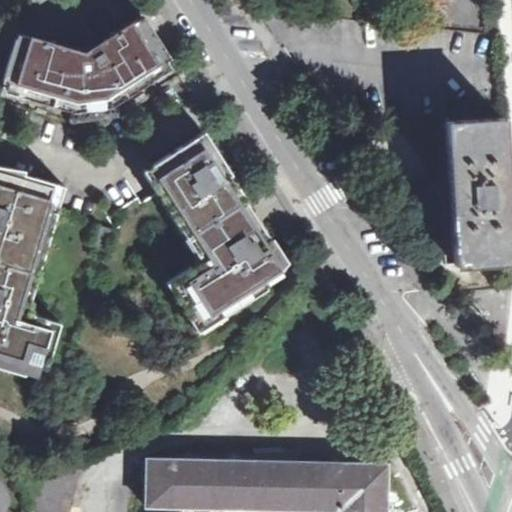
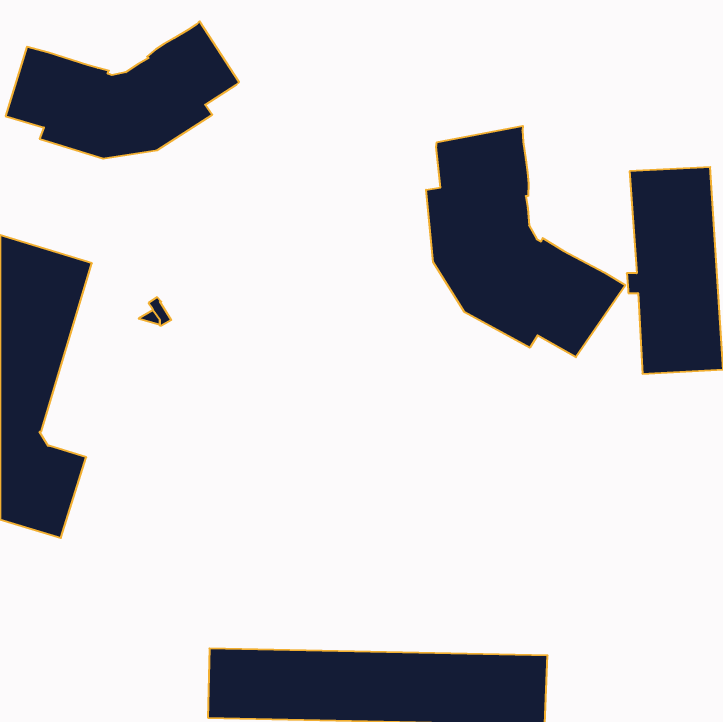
building: none -> [426,126,625,357]
building: [151,133,286,333] -> none

